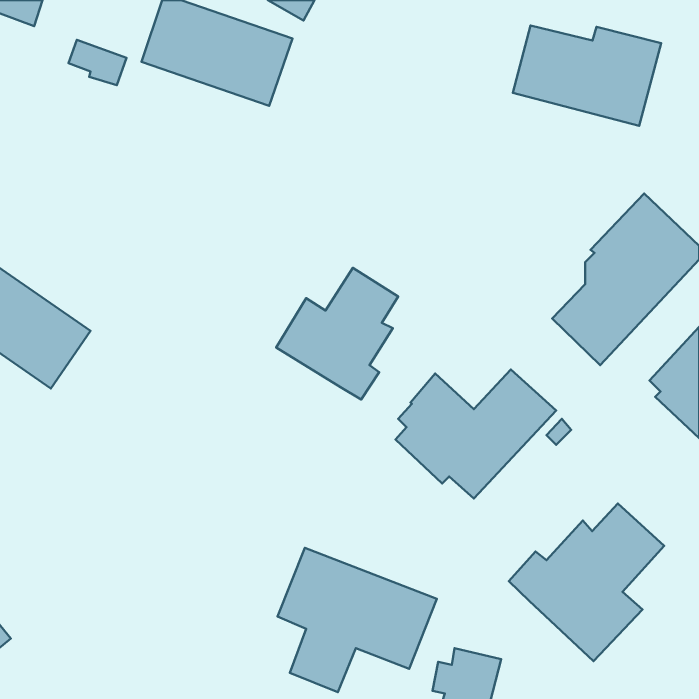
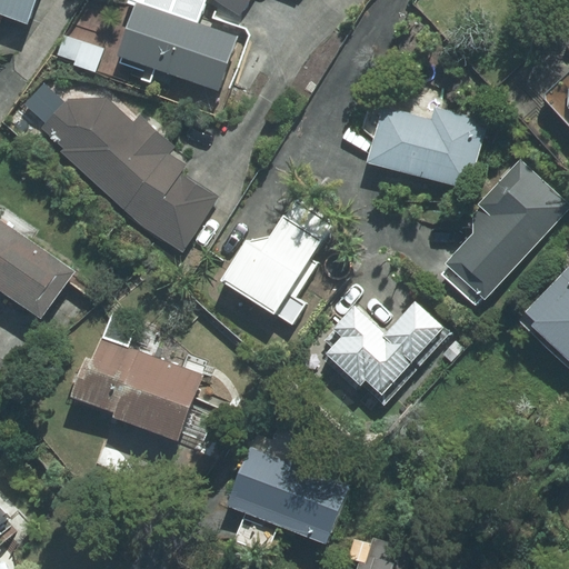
building: [513,25,661,126] -> [366,106,486,187]
building: none -> [38,98,216,251]
building: none -> [68,337,216,443]
building: [509,503,664,661] -> none

